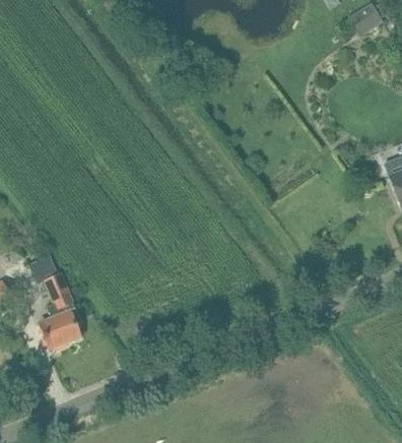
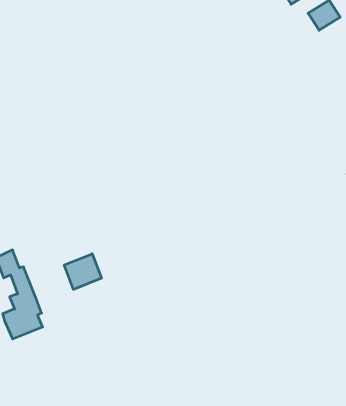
building: none -> [64,254,101,289]

